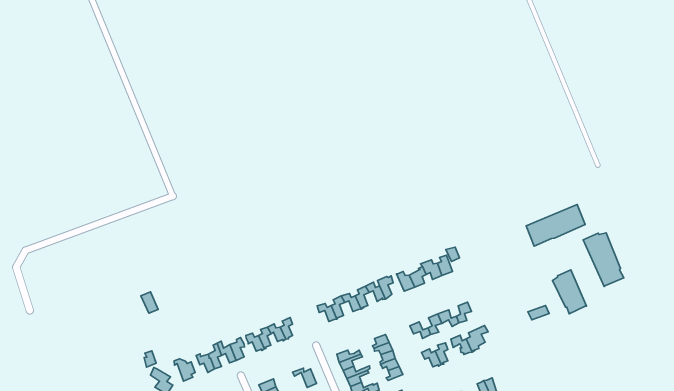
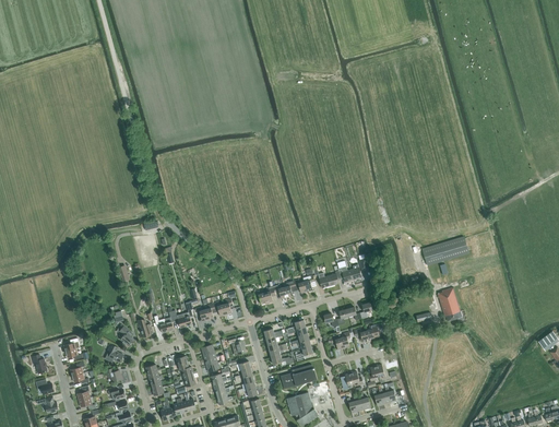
building: [583,233,624,287] -> none

